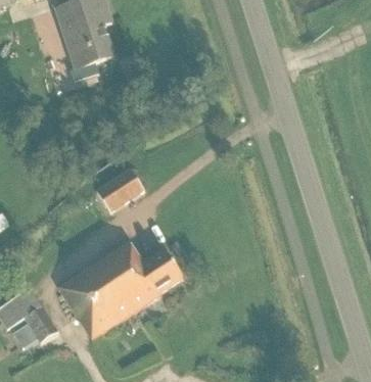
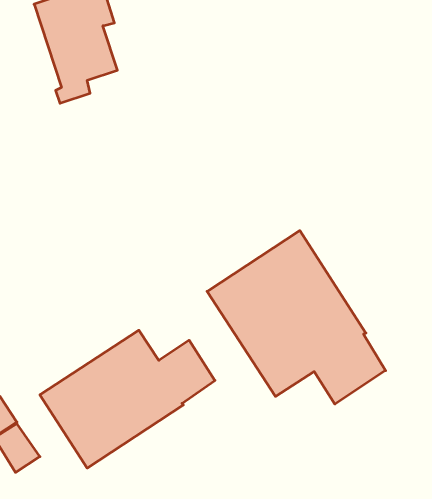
building: [96,169,144,211] -> none
building: none -> [207,231,386,404]

